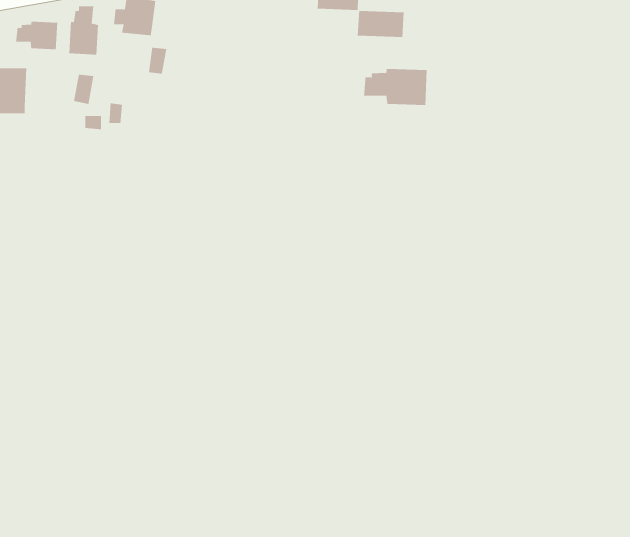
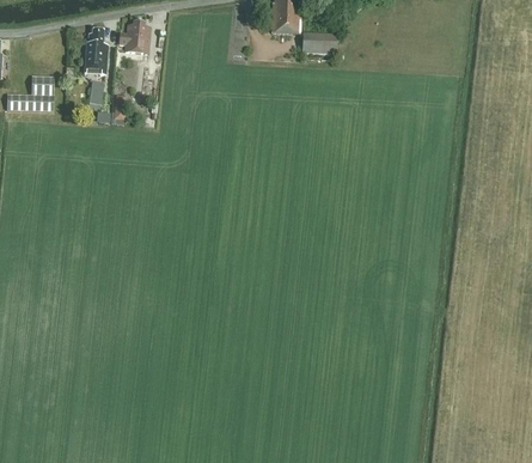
building: [16,21,58,50] -> none
building: [363,68,427,106] -> none

